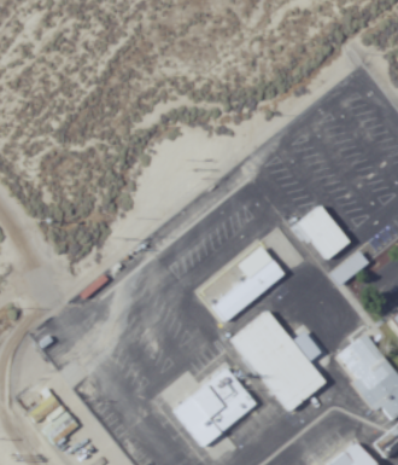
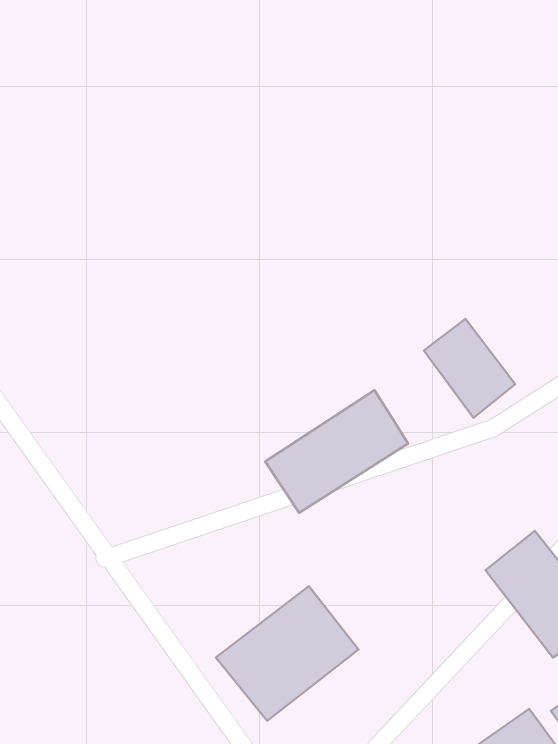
building: [230,309,328,414] -> none

